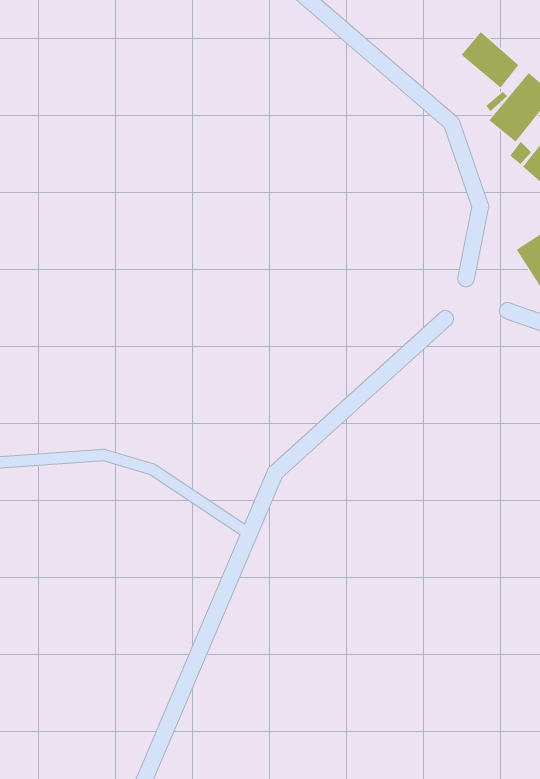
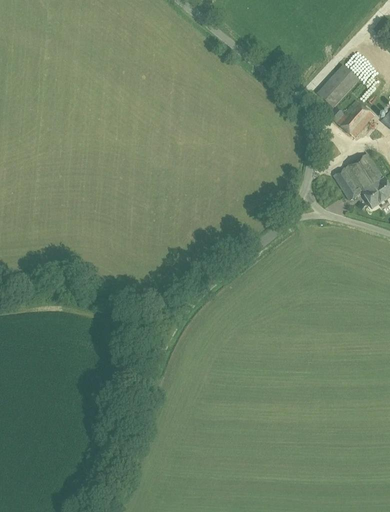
building: [461,31,519,88] -> none

